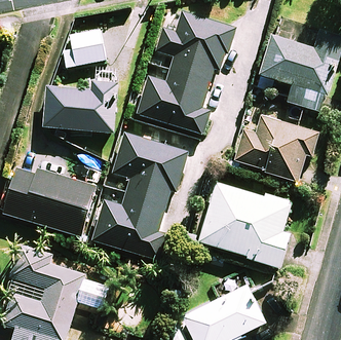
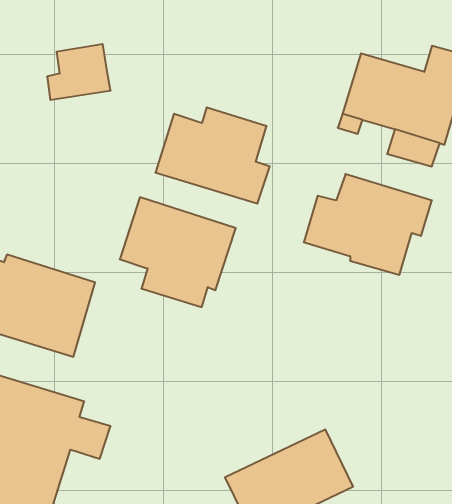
building: [155,11,235,84] -> none
building: [43,71,116,134] -> none
building: [197,183,291,268] -> none
building: [90,192,166,261] -> none

